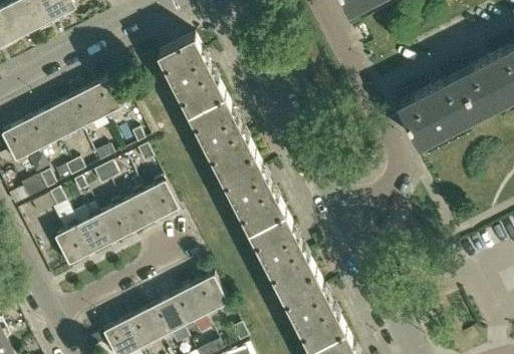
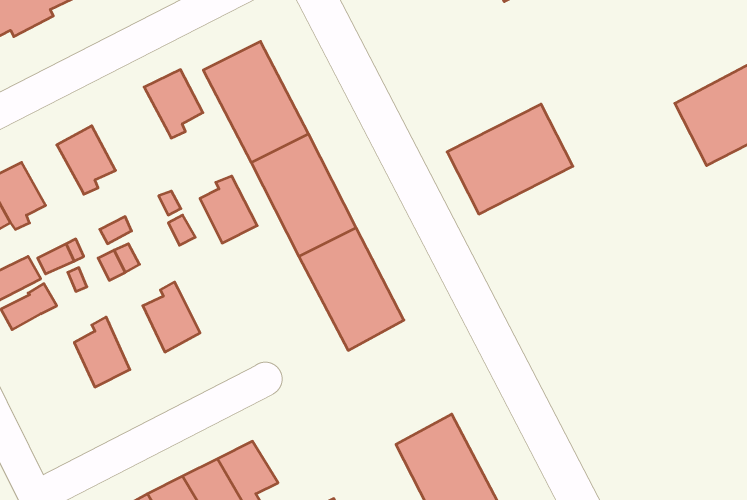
building: [395,75,474,144] -> [447,104,573,214]
building: [86,78,123,121] -> [144,70,203,138]
building: [42,101,79,143] -> none
building: [141,178,177,220] -> [200,176,257,243]
building: [97,199,133,243] -> none
building: [248,212,313,290] -> none
building: [52,221,88,265] -> none
building: [188,276,225,319] -> none

